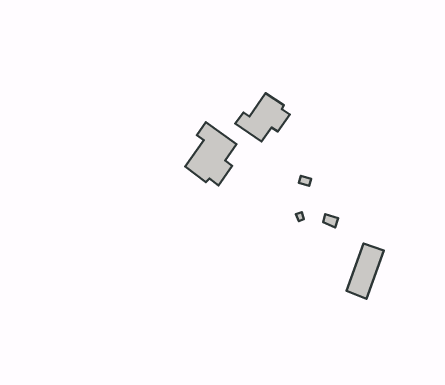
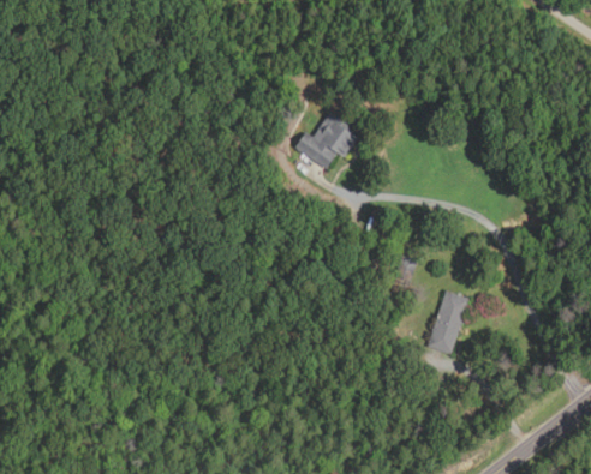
building: [185,122,237,185] -> none

